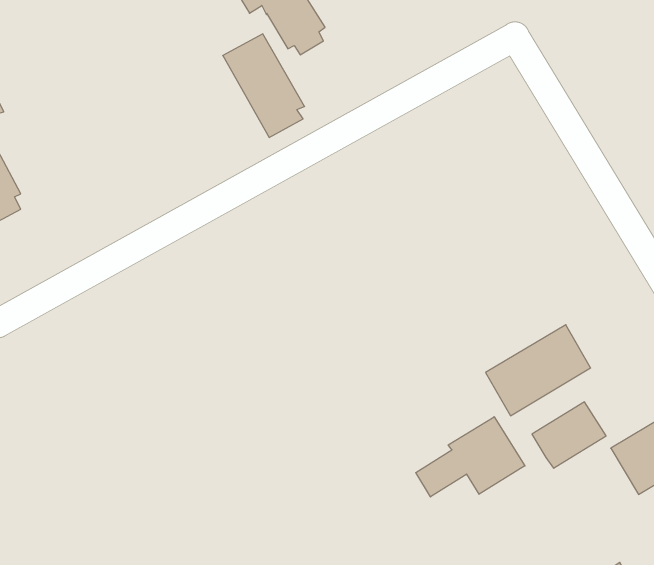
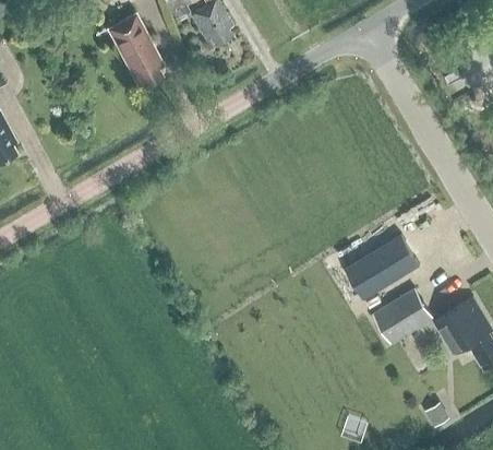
building: [223,34,305,137] -> [106,15,164,88]
building: [416,417,525,497] -> none

